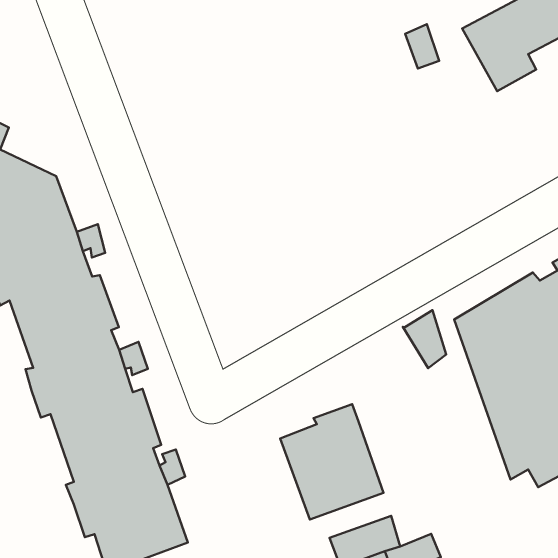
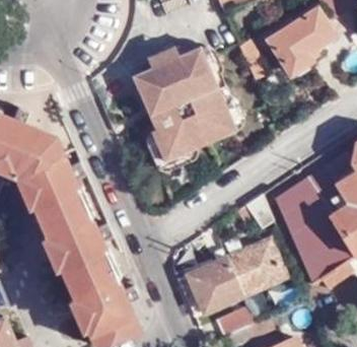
building: none -> [129,56,232,166]
building: none -> [227,239,285,294]

